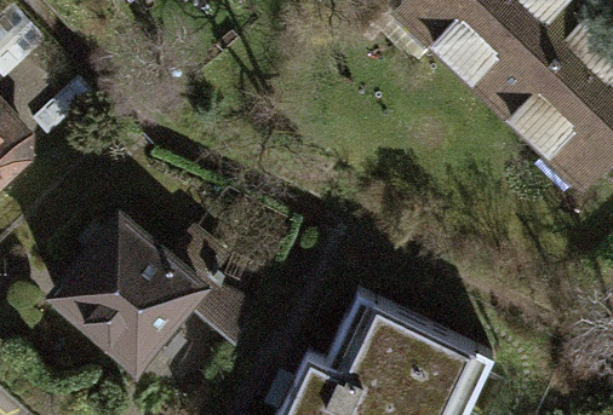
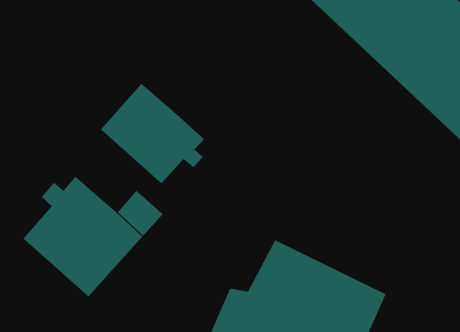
building: none -> [100,83,205,184]

